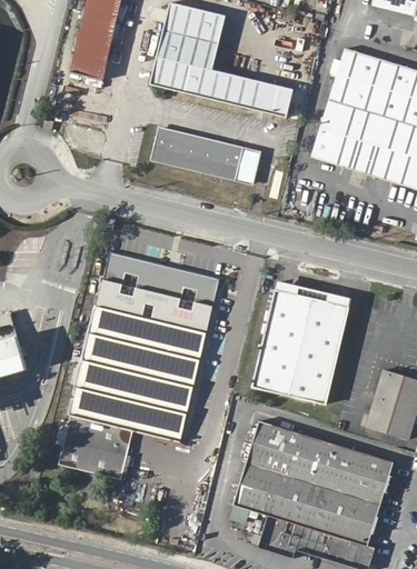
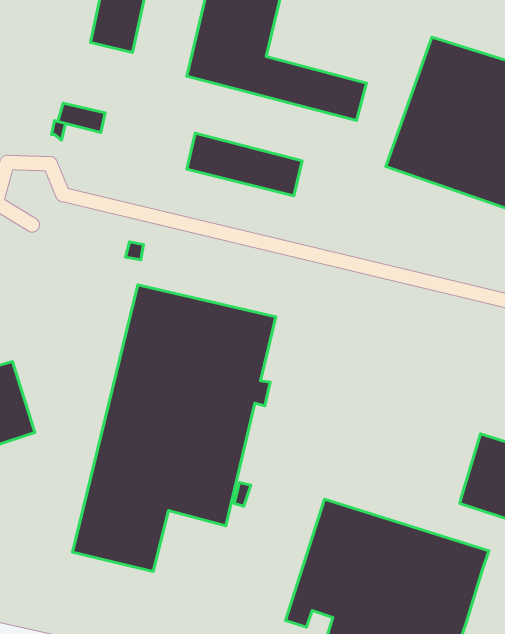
building: [69,56,107,79] -> [58,103,105,132]
building: [236,150,259,182] -> none
building: [249,286,346,402] -> none

